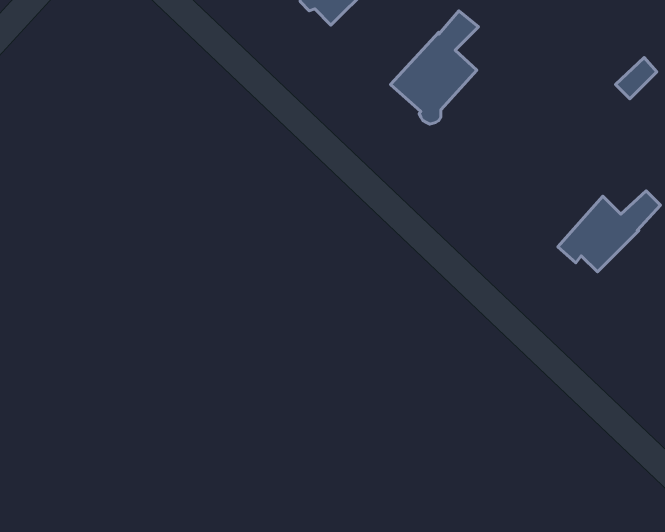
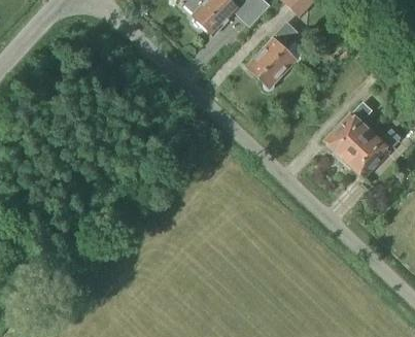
building: none -> [326,101,371,161]

